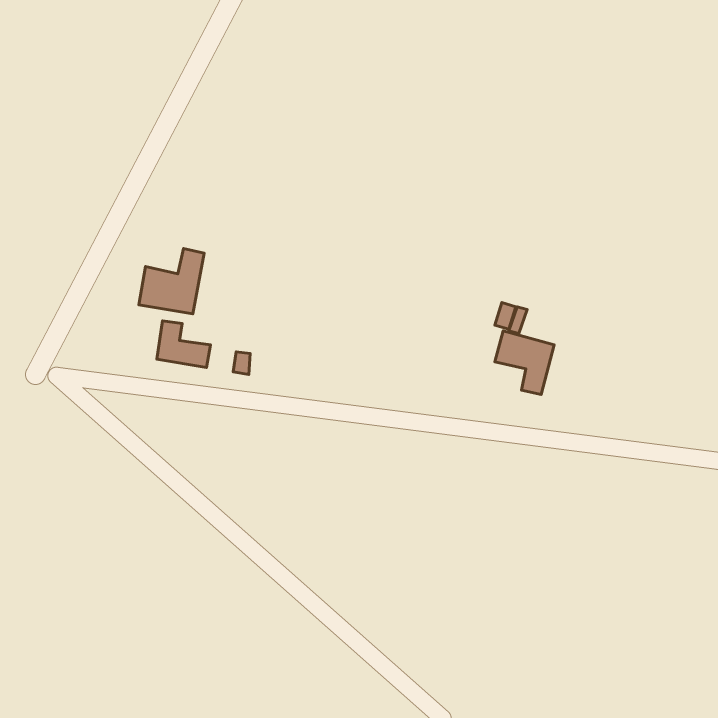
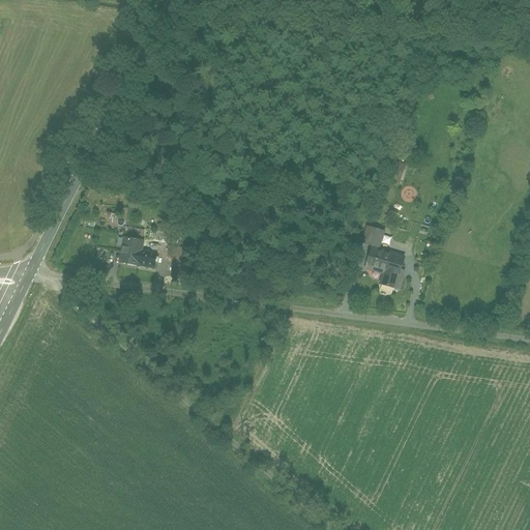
building: [139,248,204,314] -> none

